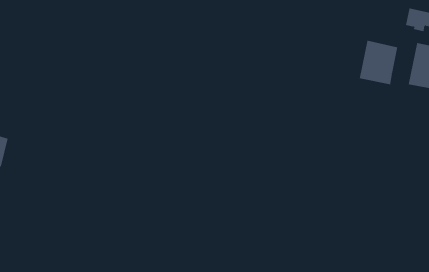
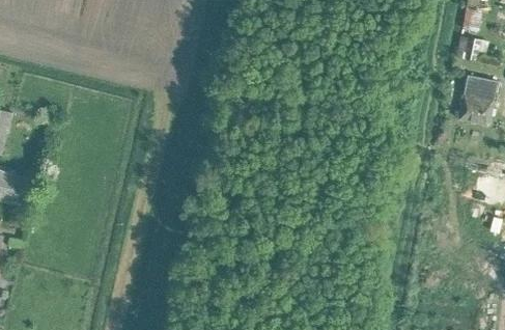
building: [359,40,398,85] -> none

